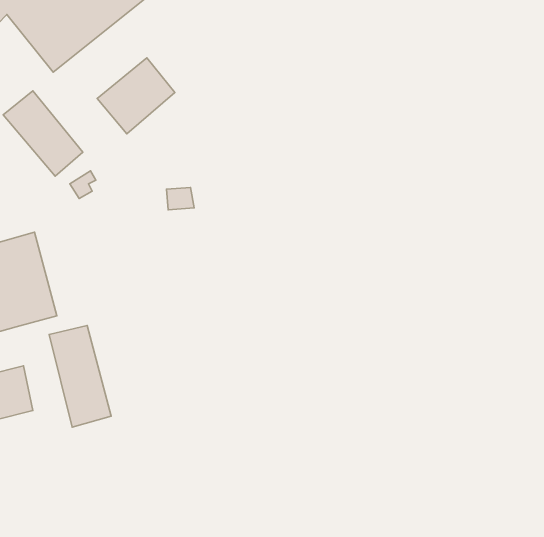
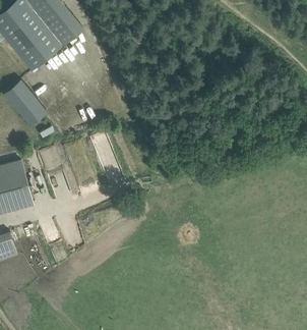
building: [97,58,175,134] -> none
building: [49,326,111,427] -> none

